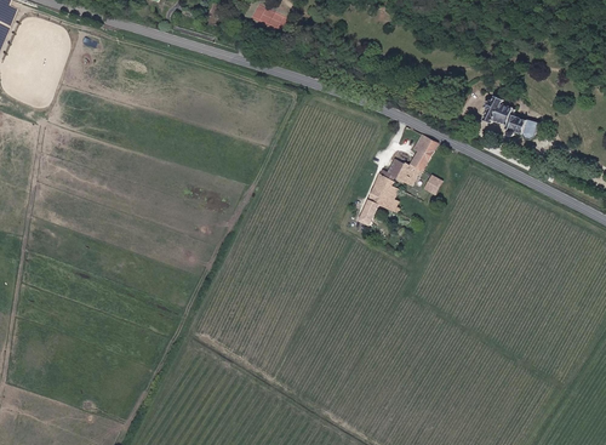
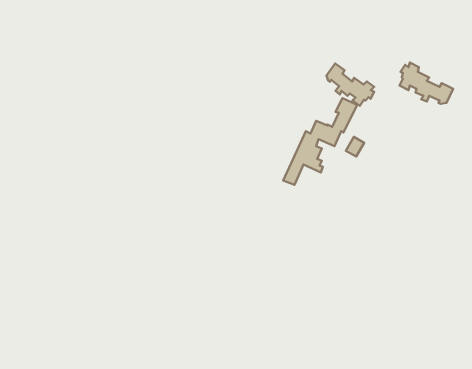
building: none -> [327,64,374,106]

